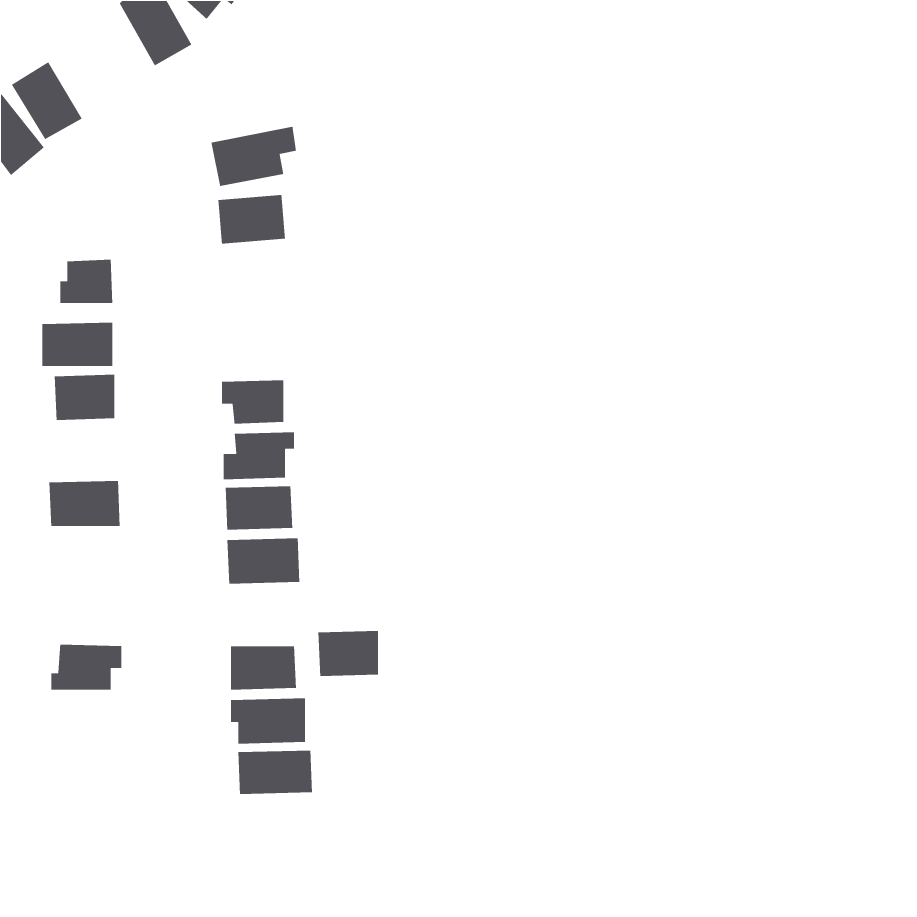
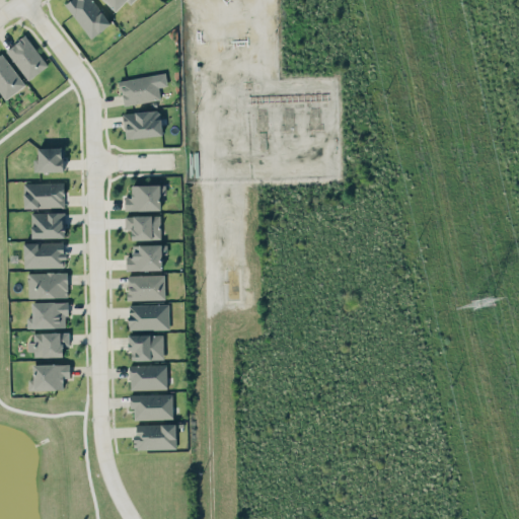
building: none -> [126,184,166,211]
building: none -> [24,242,66,269]
building: none -> [28,302,68,328]
building: none -> [28,332,70,356]
building: [318,630,379,677] -> [130,335,164,361]

